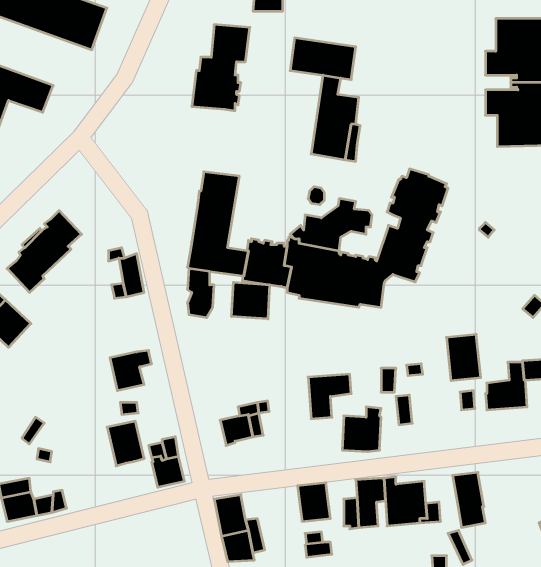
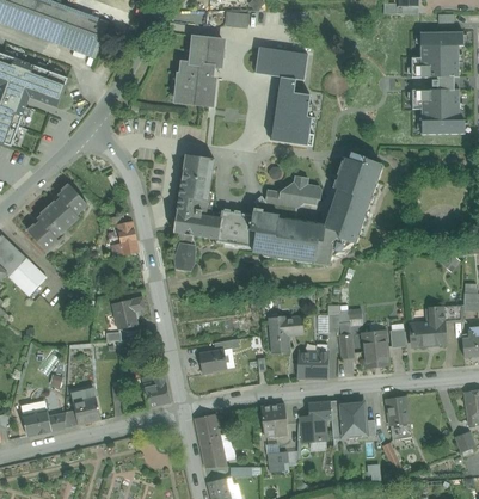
building: [232,282,270,319] -> none
building: [446,334,481,381] -> [361,331,388,368]
building: [107,421,144,466] -> [70,389,100,425]

